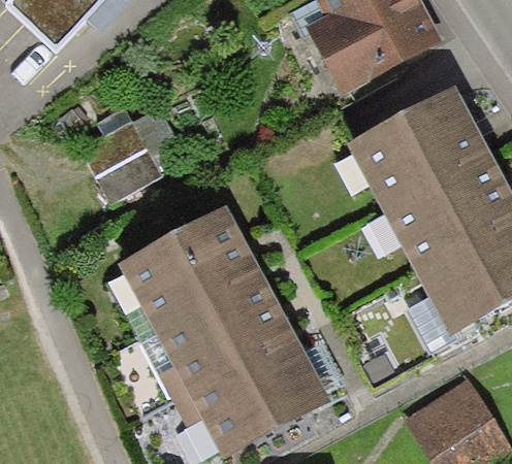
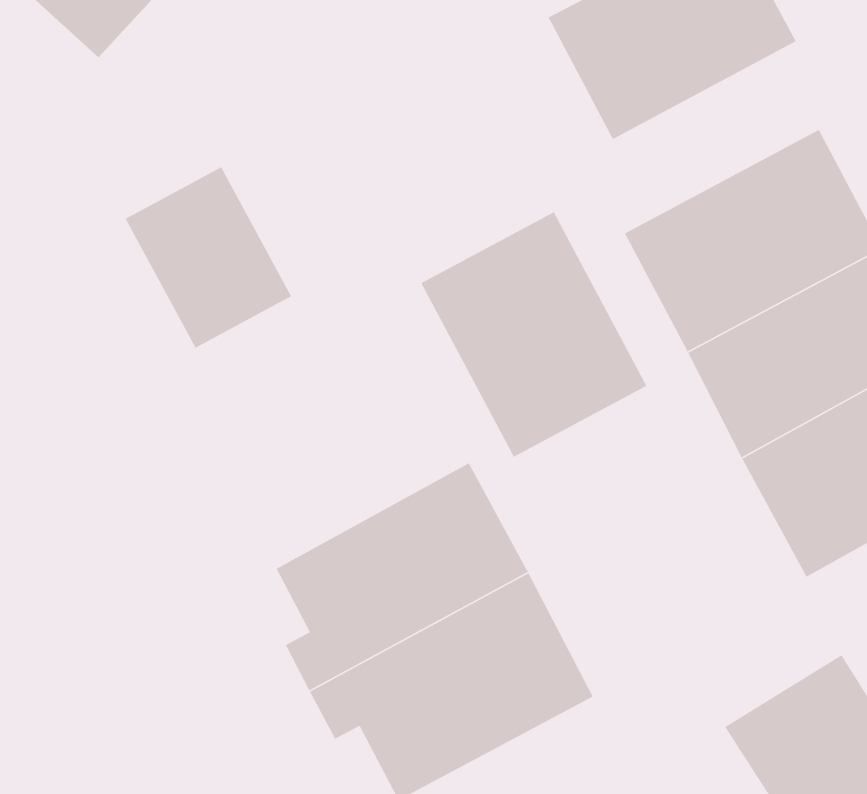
building: none -> [420,211,647,458]
building: [118,205,261,330] -> none

